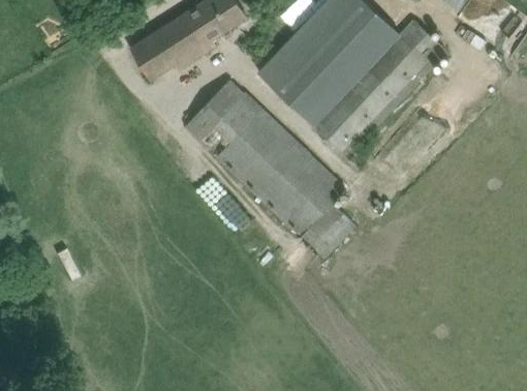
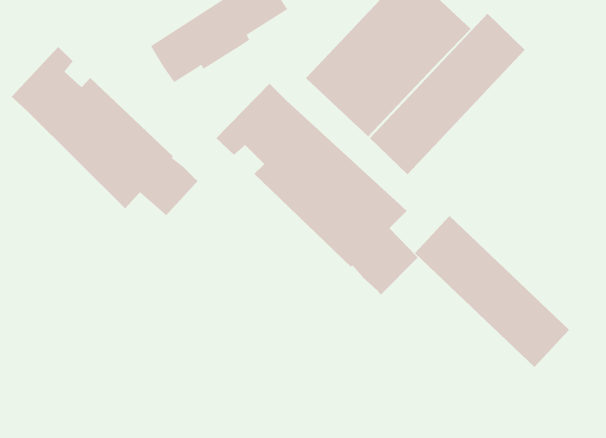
building: none -> [11,46,199,216]
building: none -> [414,215,570,368]

